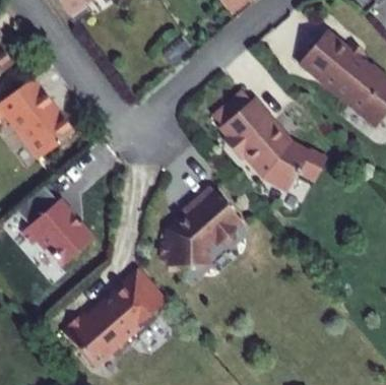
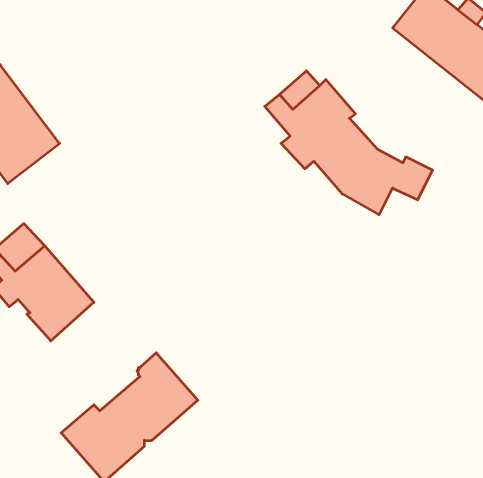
building: [159,181,237,260] -> none

